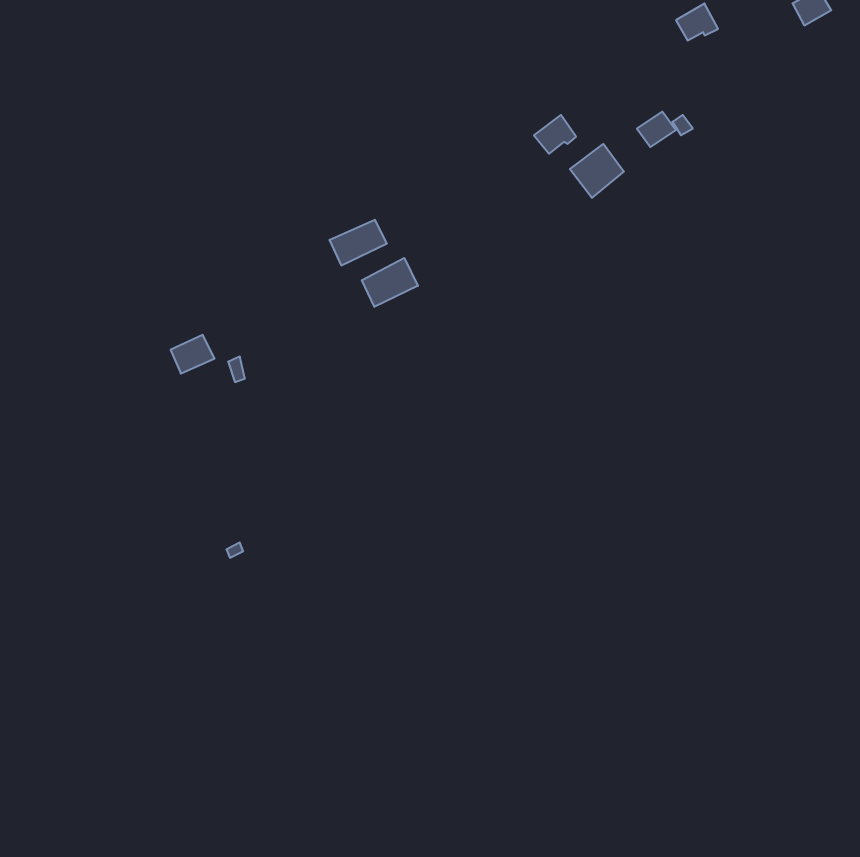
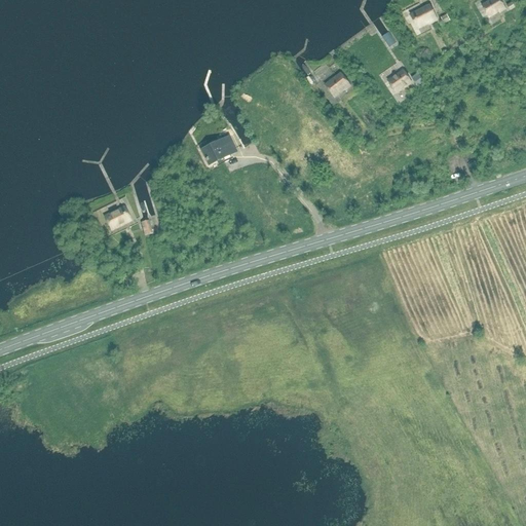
building: [570,144,624,198] -> none
building: [362,258,418,307] -> none

